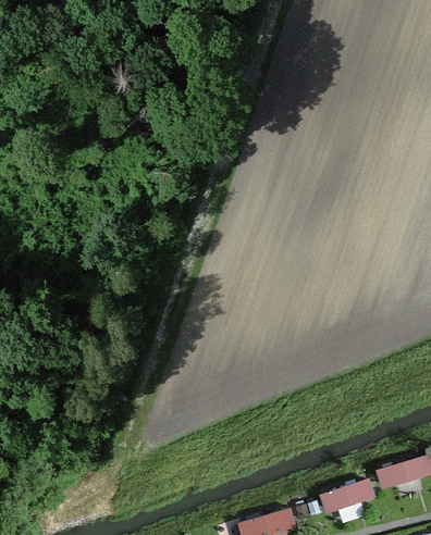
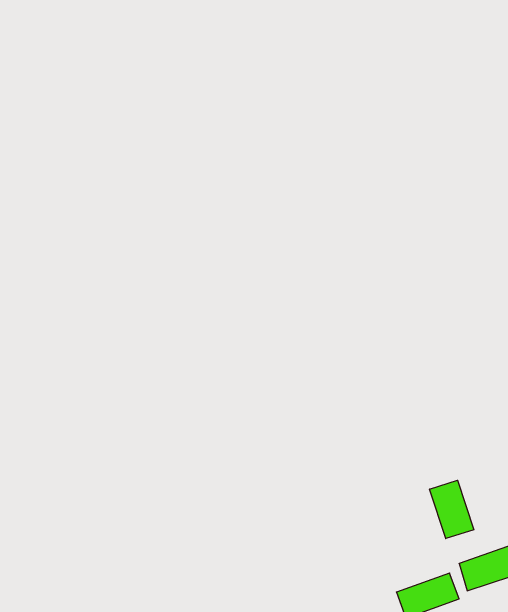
building: none -> [430,480,474,539]

